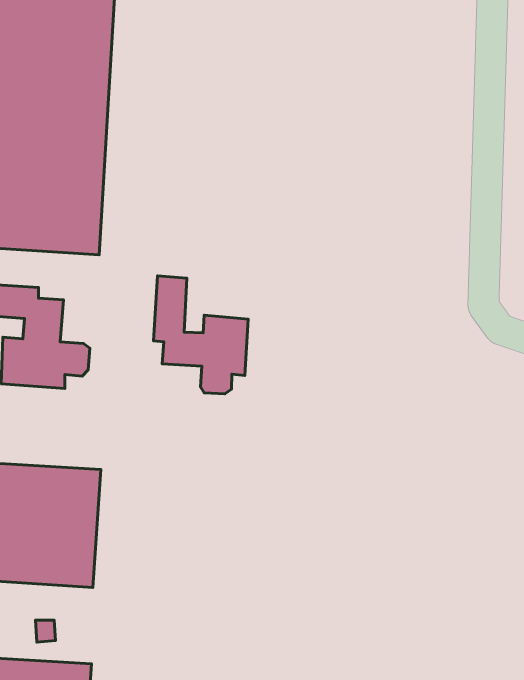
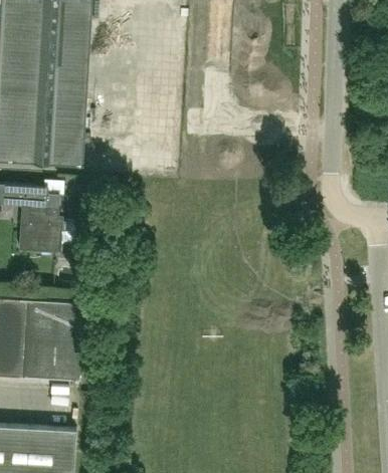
building: [154,276,248,394] -> none

